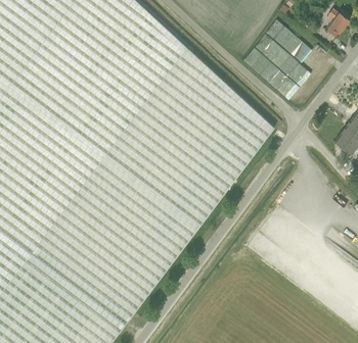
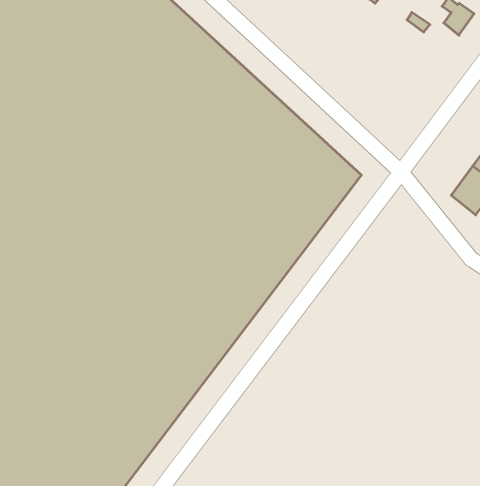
building: [243,20,313,101] -> none

